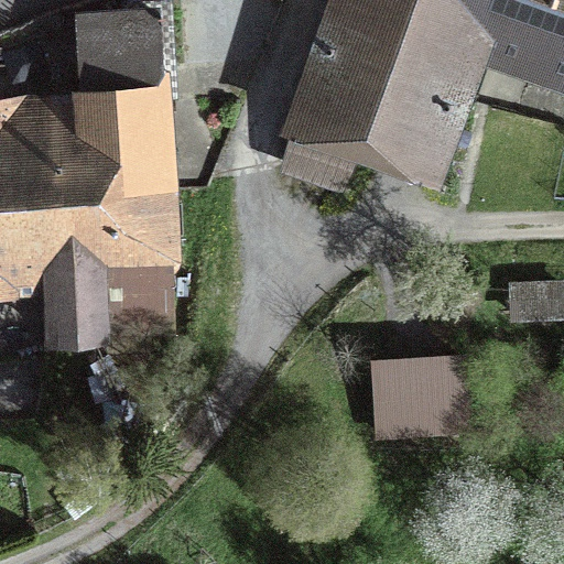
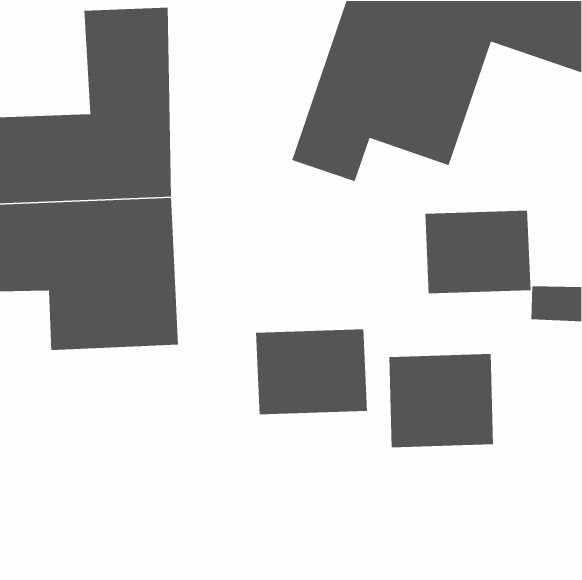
building: none -> [424,210,531,294]
building: none -> [255,329,368,415]

